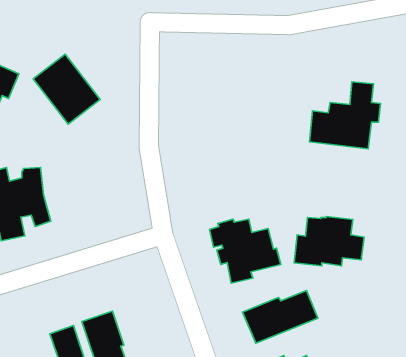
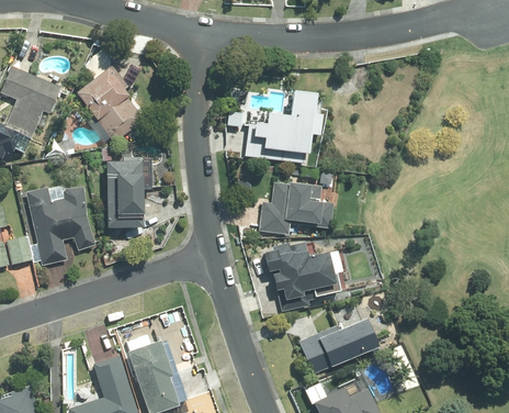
building: [310,82,381,149] -> [246,91,321,163]
building: none -> [105,158,150,227]
building: [294,216,364,266] -> [259,181,333,234]

